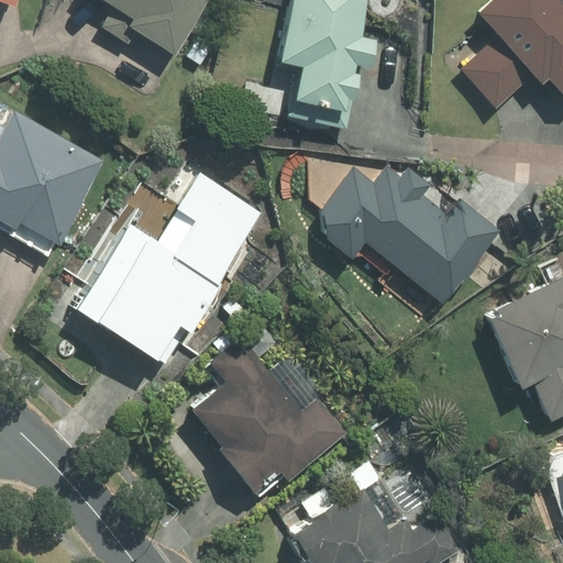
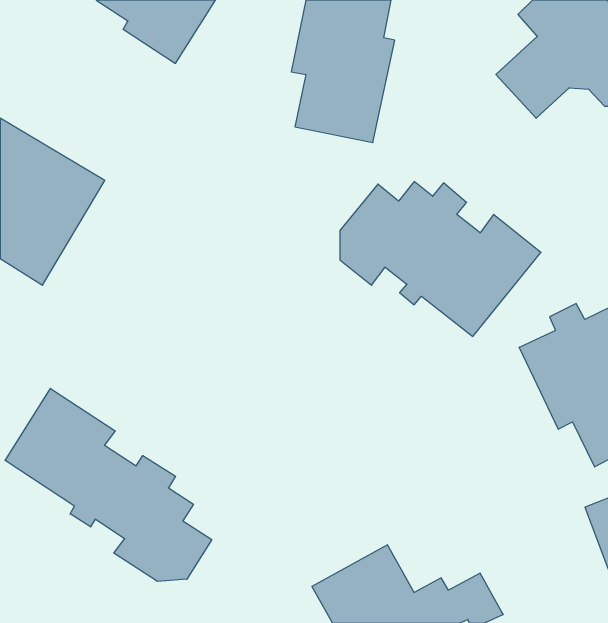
building: [69,162,268,376] -> none
building: [183,321,358,490] -> none
building: none -> [5,388,212,581]

